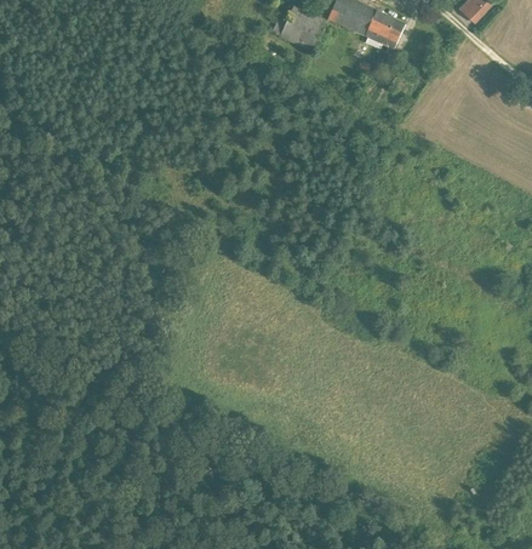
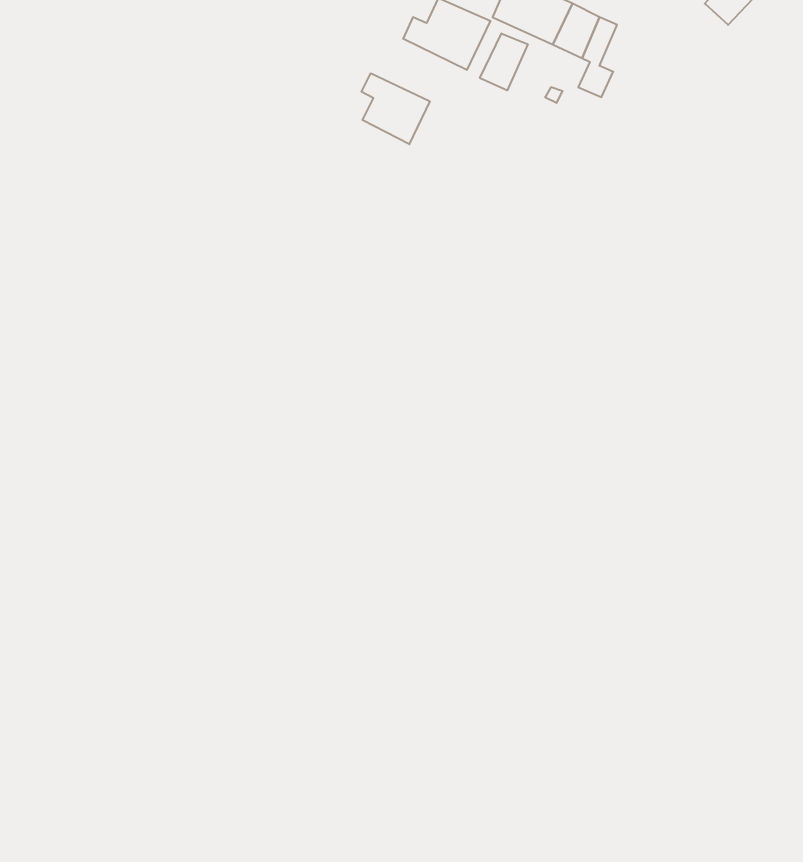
building: none -> [480,33,528,90]
building: none -> [361,73,430,144]

